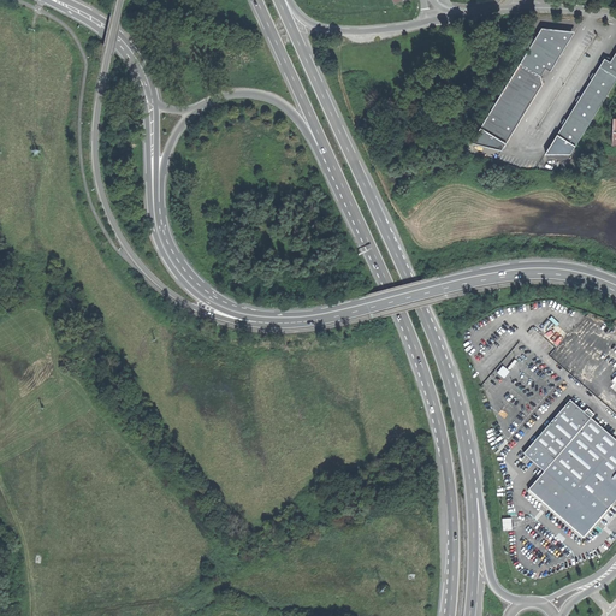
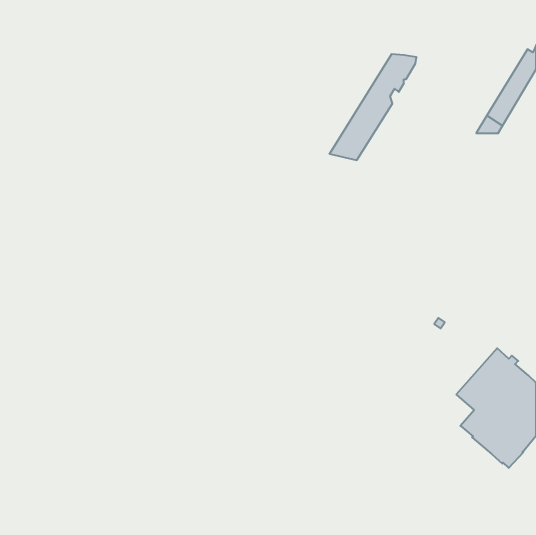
building: [472,26,571,148] -> [329,54,417,160]

